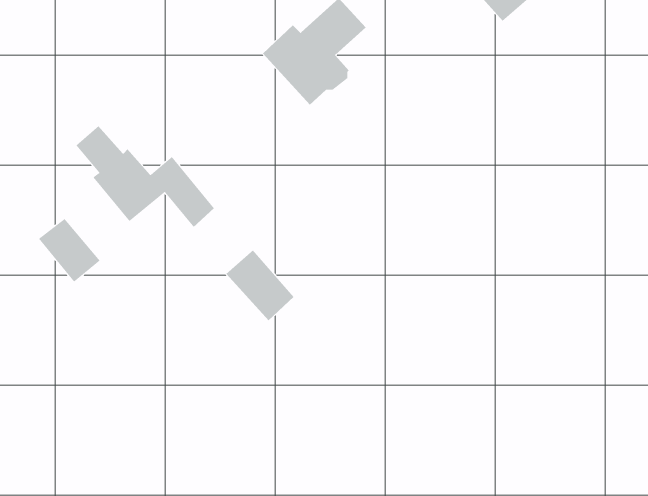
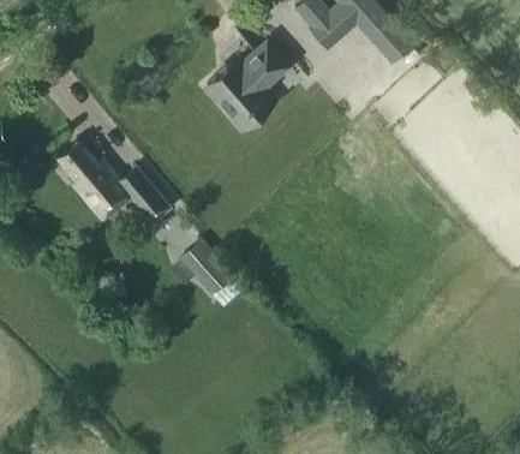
building: [38,218,100,282] -> none

